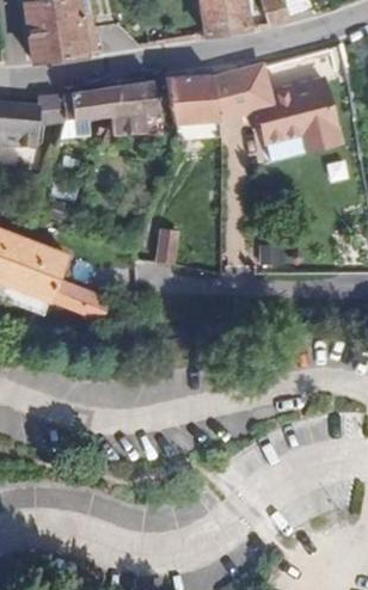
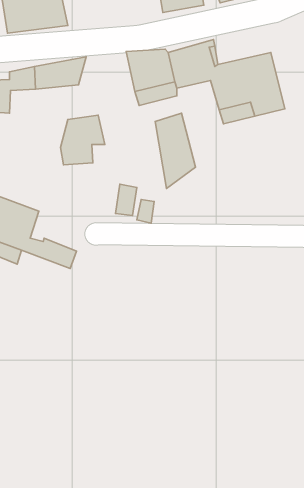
building: [112,79,161,134] -> [60,115,105,165]
building: none -> [155,113,196,188]

